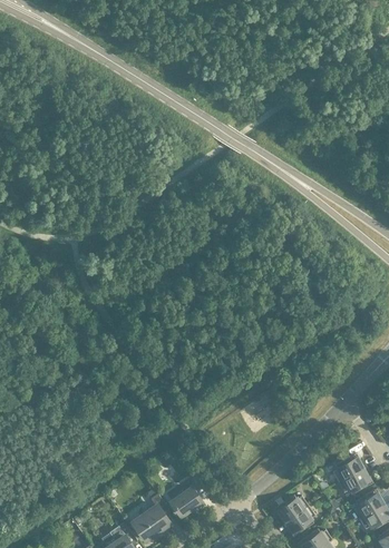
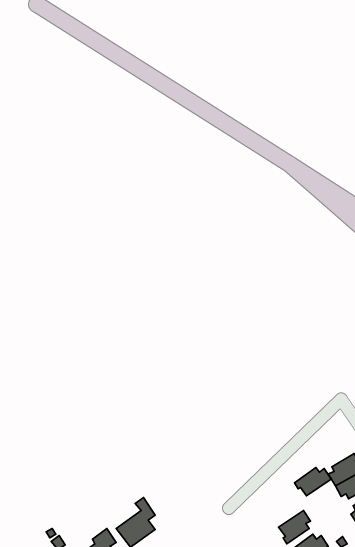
building: [172,473,204,516] -> none
building: [274,495,309,521] -> [294,467,331,496]

